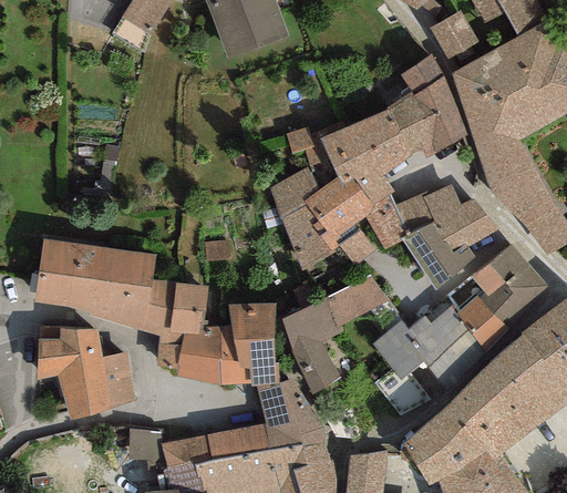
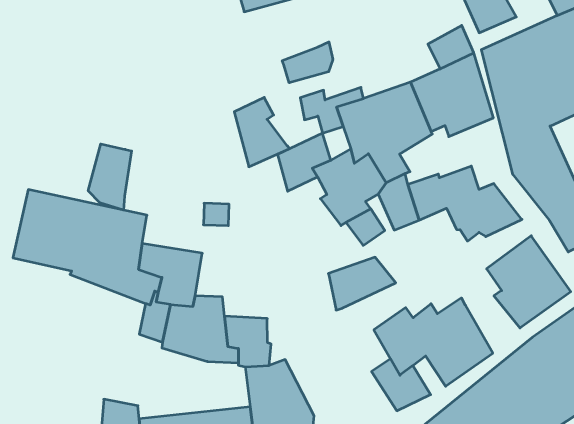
building: none -> [282,42,333,83]
building: none -> [88,144,132,210]
building: [282,205,337,270] -> [234,97,290,167]
building: [402,224,475,291] -> none
building: [281,294,346,394] -> none
building: [456,296,508,355] -> none
building: [228,304,276,341] -> none
building: [37,325,134,417] -> none

